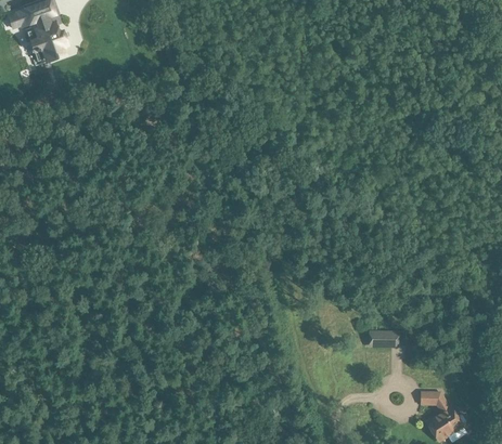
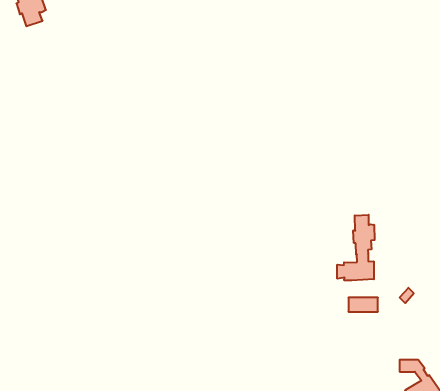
building: none -> [337,215,375,280]

